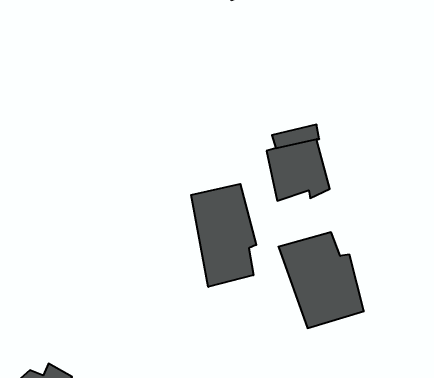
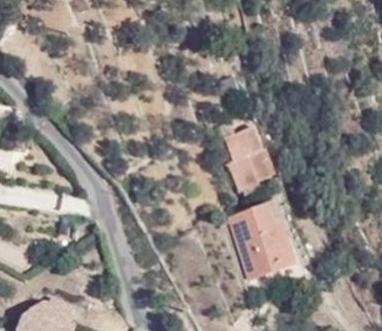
building: [191,184,256,287] -> none

